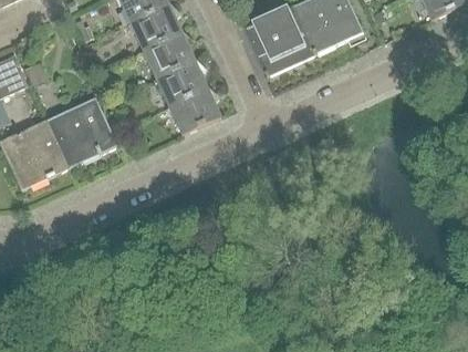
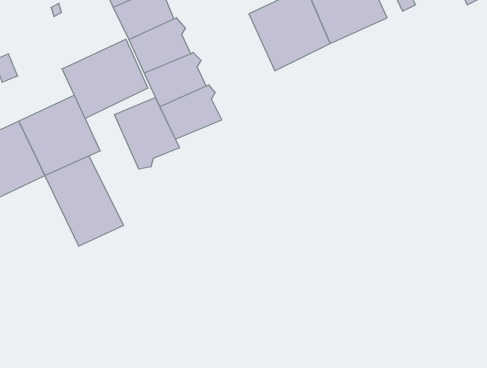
building: none -> [62,39,148,119]
building: none -> [114,98,179,169]
building: none -> [45,156,123,246]

